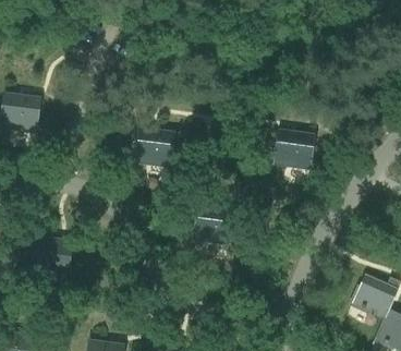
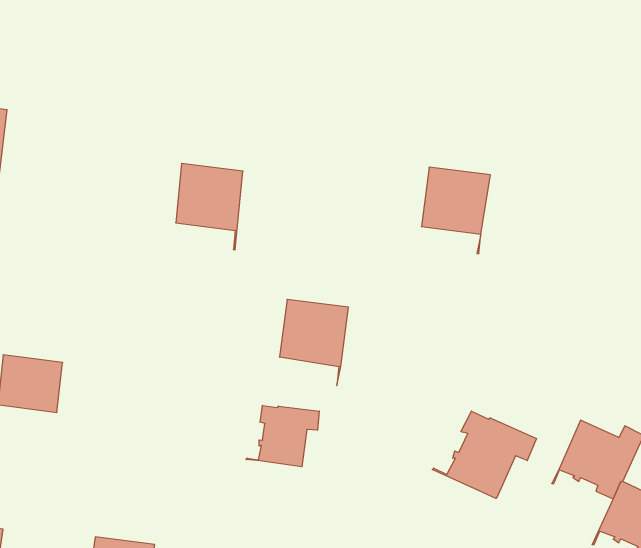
building: none -> [246,405,319,467]
building: none -> [432,411,536,498]

